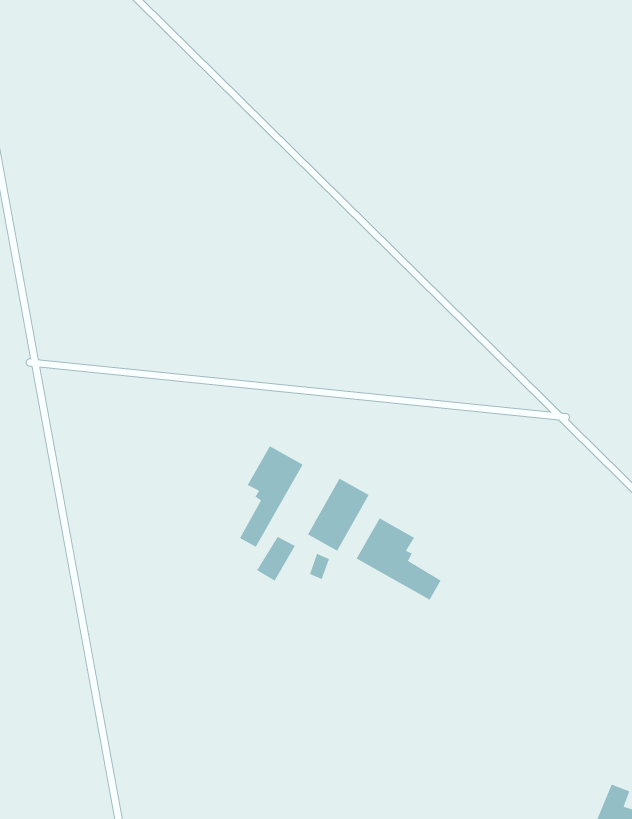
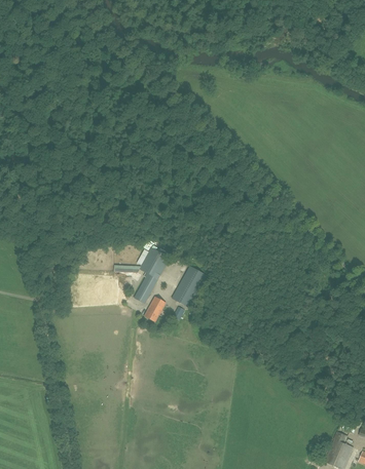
building: [356,518,442,601] -> none

